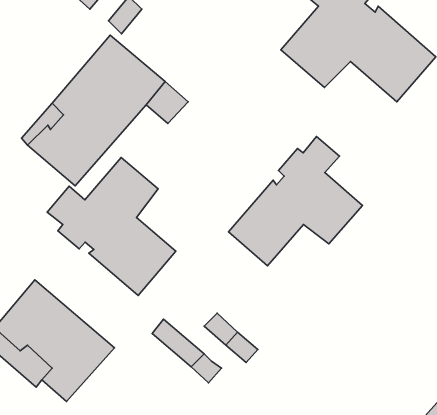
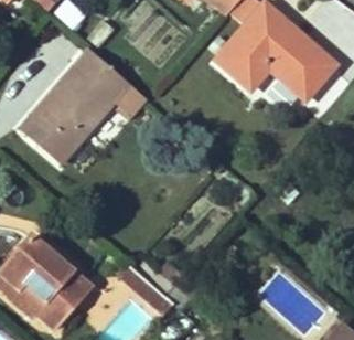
building: [229,137,363,266] -> none
building: [47,157,176,295] -> none

